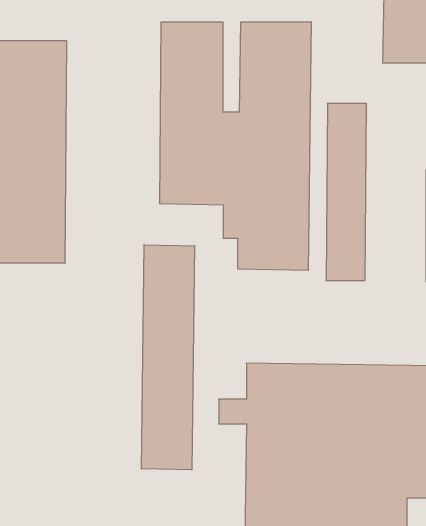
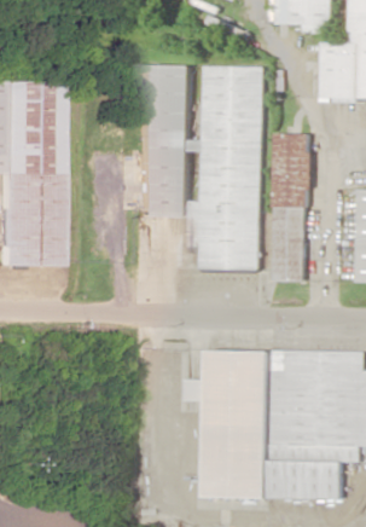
building: [141,245,195,470] -> none

